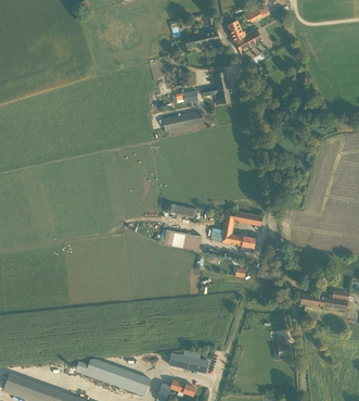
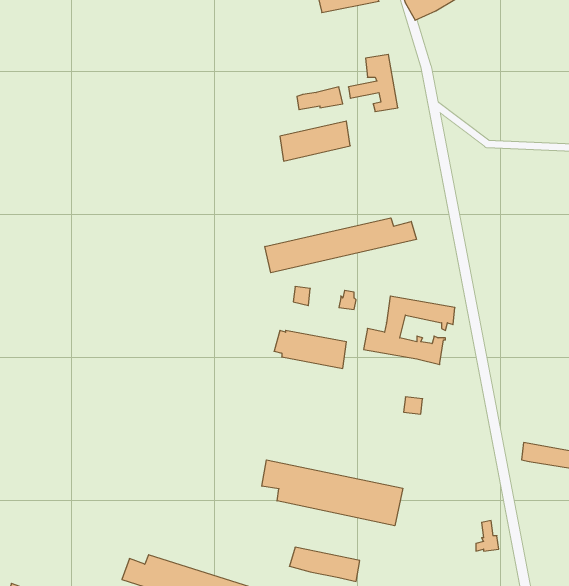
building: none -> [265,218,416,273]
building: none -> [262,460,403,526]

